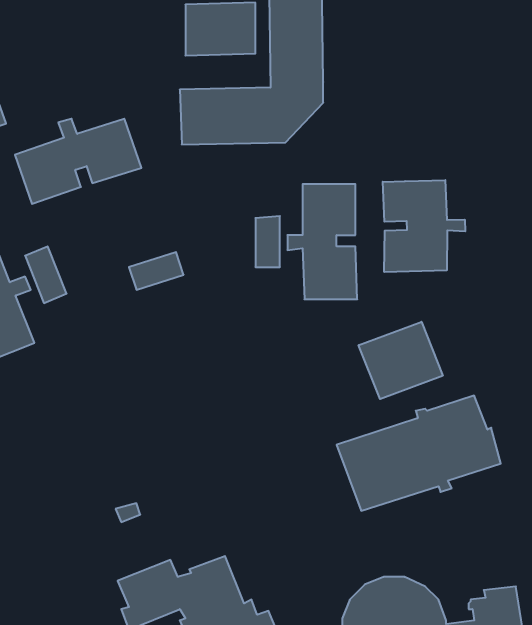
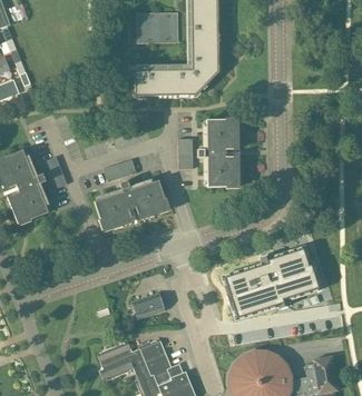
building: [15,119,141,204] -> [94,180,168,230]
building: [383,180,465,272] -> none
building: [359,322,443,399] -> none
building: none -> [133,293,164,318]

